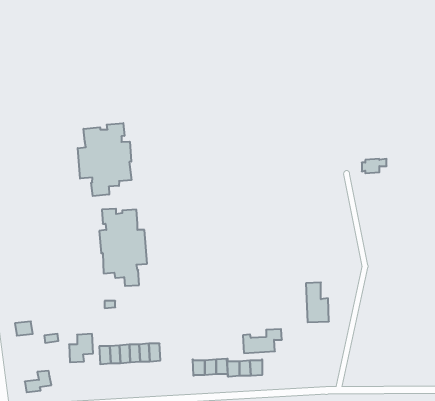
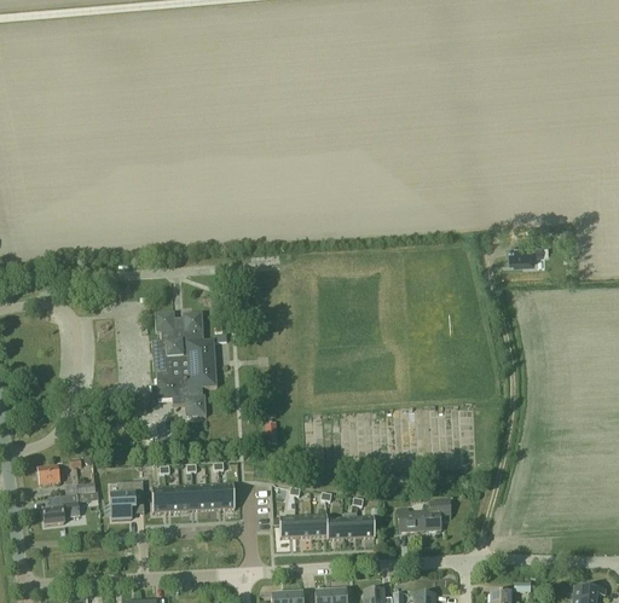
building: [78,123,131,196] -> none
building: [243,329,282,353] -> [399,498,452,530]
building: [25,371,51,392] -> [44,493,80,522]

